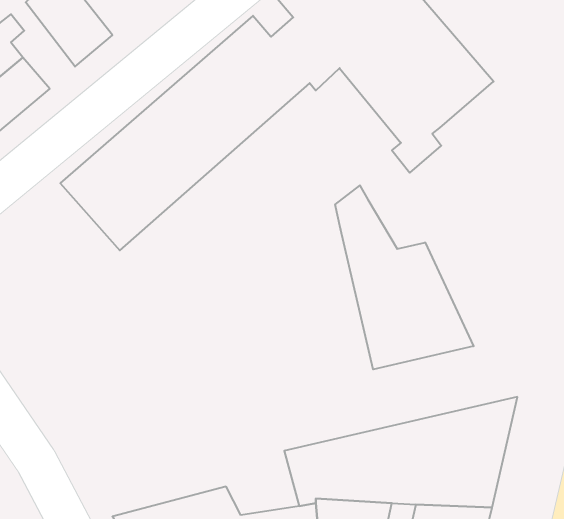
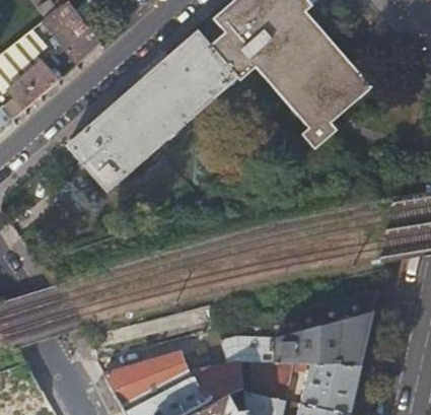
building: [335,185,474,369] -> none

